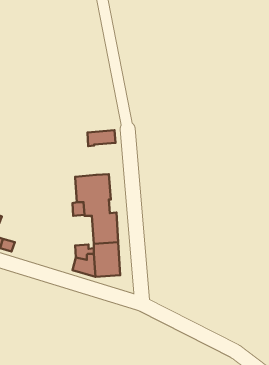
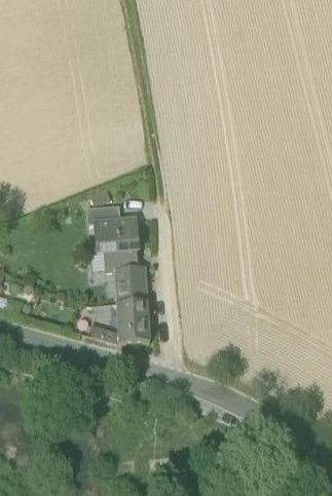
building: [87,130,116,146] -> [86,207,120,227]

